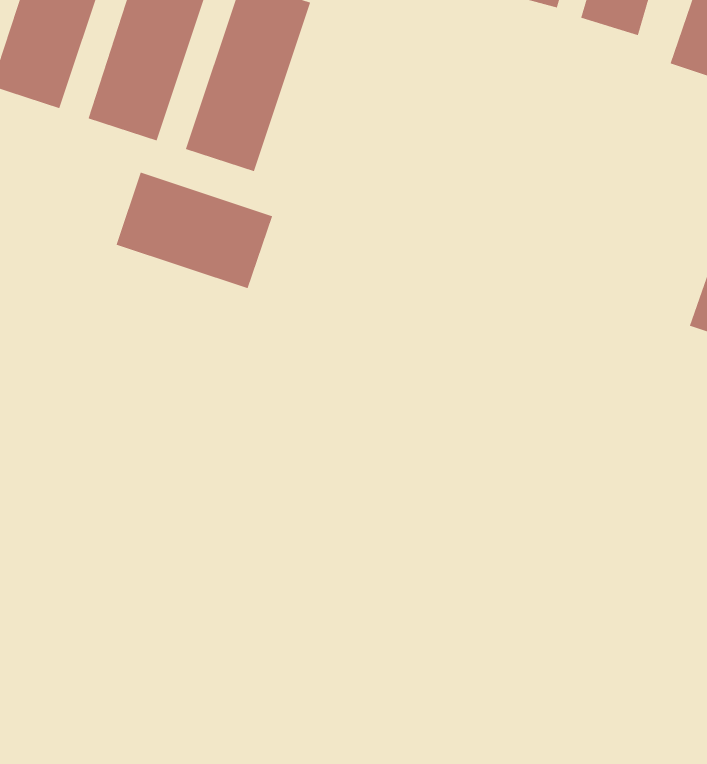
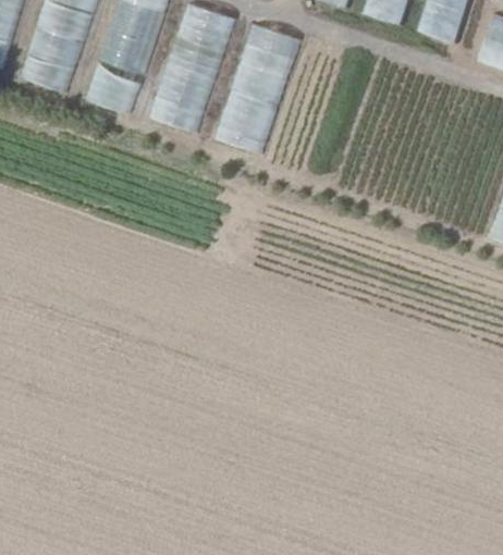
building: none -> [216,23,300,153]
building: [115,172,273,289] -> none

